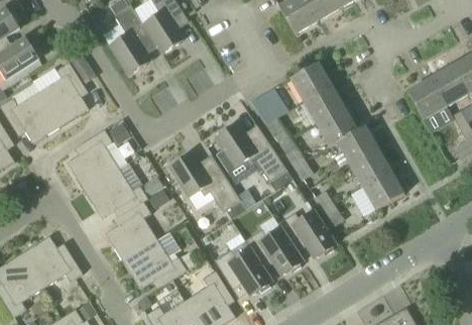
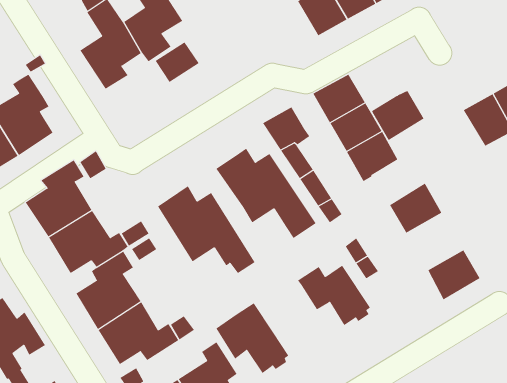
building: none -> [155,41,199,83]
building: [336,125,377,165] -> [371,90,425,141]
building: [362,171,403,210] -> [427,249,481,300]
building: [244,227,303,275] -> none

